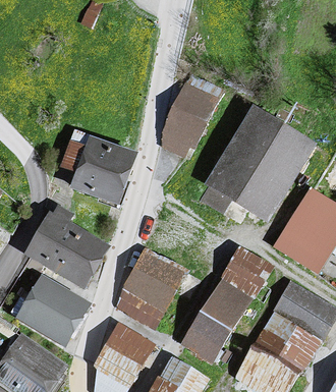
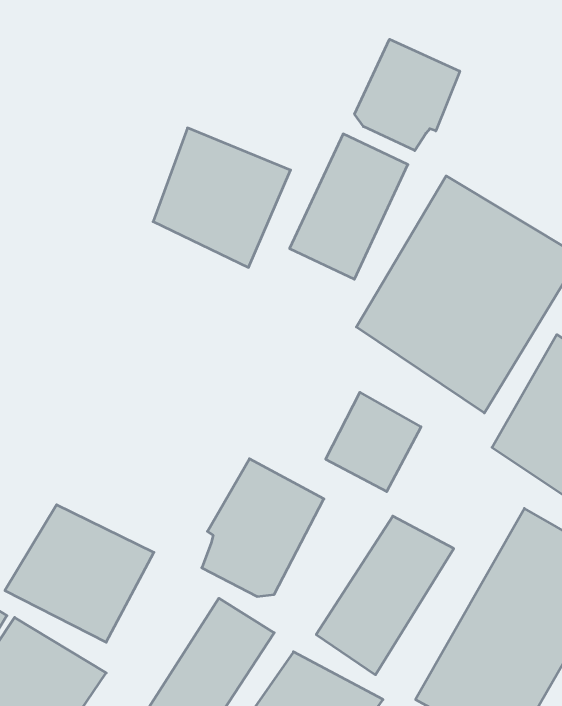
building: none -> [355,39,460,151]
building: [63,133,136,208] -> [153,128,291,267]
building: [22,204,113,289] -> none
building: [220,245,271,298] -> [326,392,421,492]

